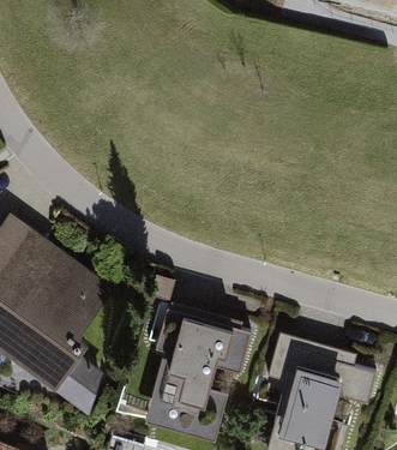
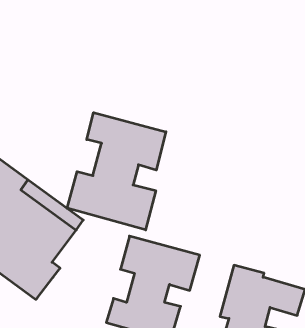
building: none -> [67,113,166,230]
building: [58,359,101,408] -> none

